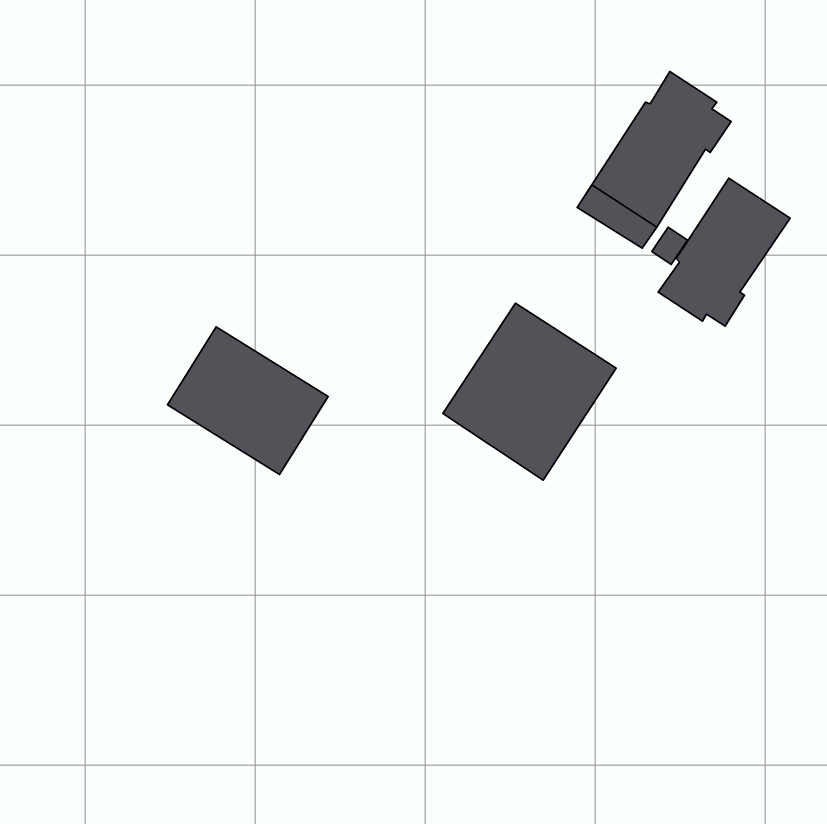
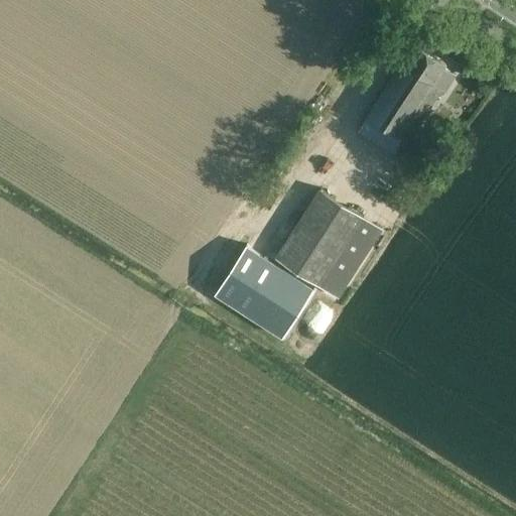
building: [658,178,790,326] -> none
building: [167,327,328,474] -> [214,247,313,339]

